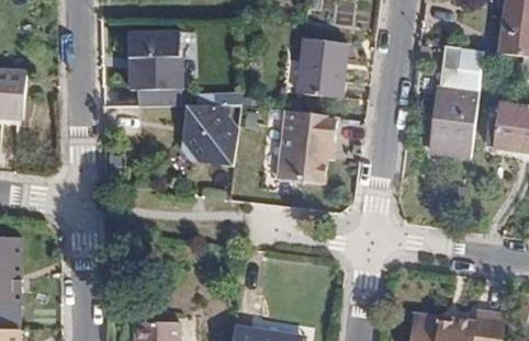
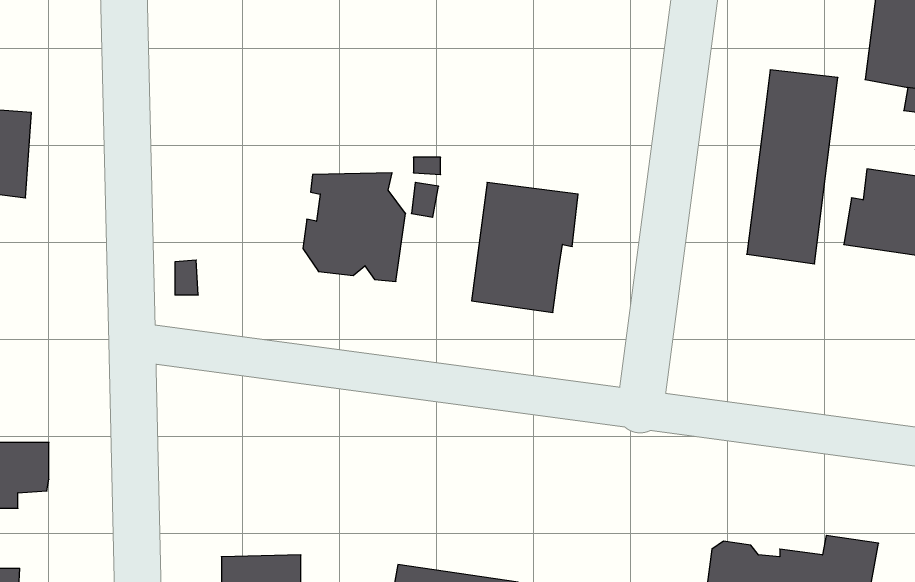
building: [128,29,191,105] -> none
building: [296,37,347,98] -> none

